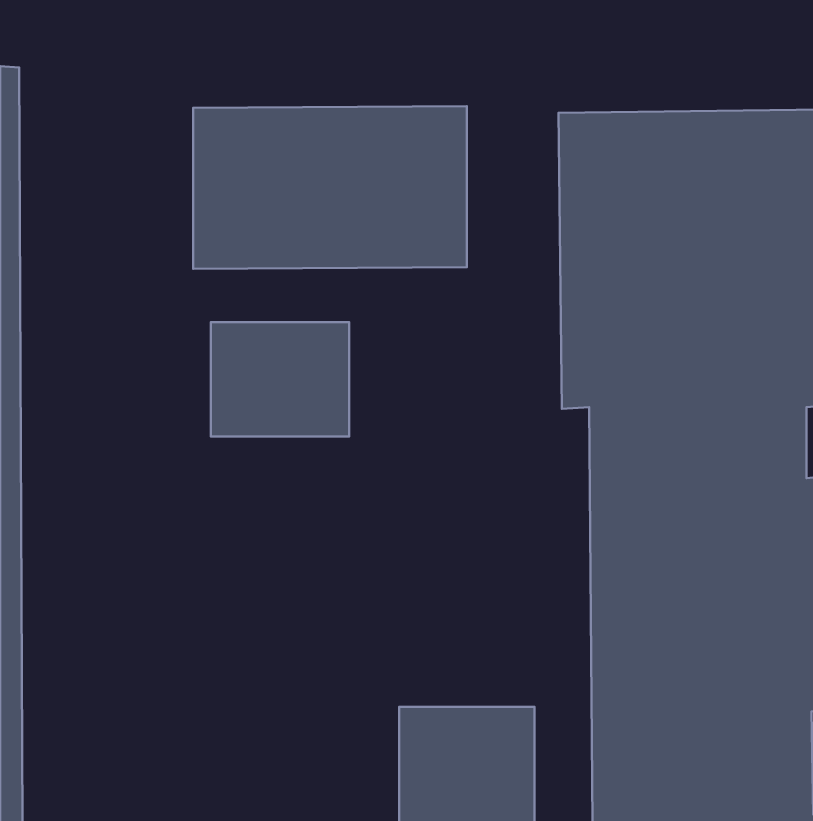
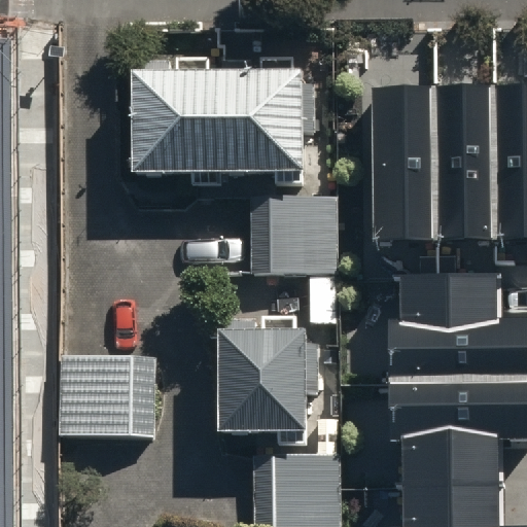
building: [211,322,349,436] -> [255,198,344,271]
building: none -> [221,327,306,428]
building: none -> [64,357,161,441]

